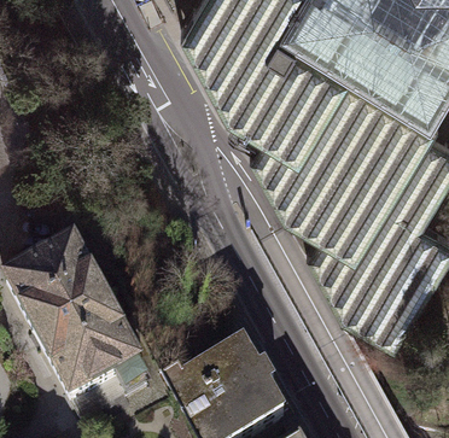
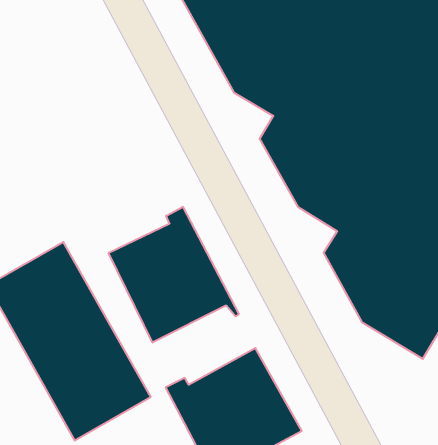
building: none -> [109,207,239,343]

